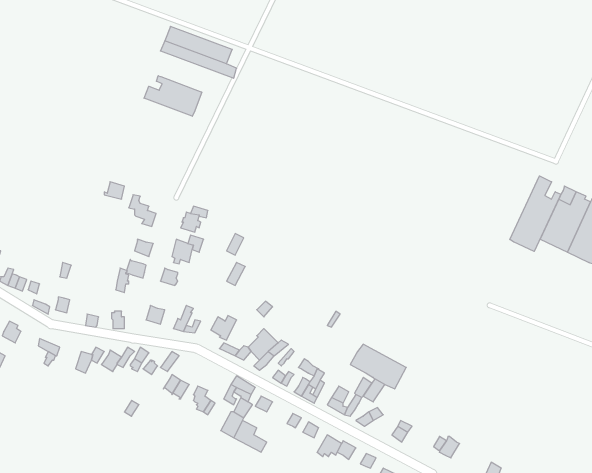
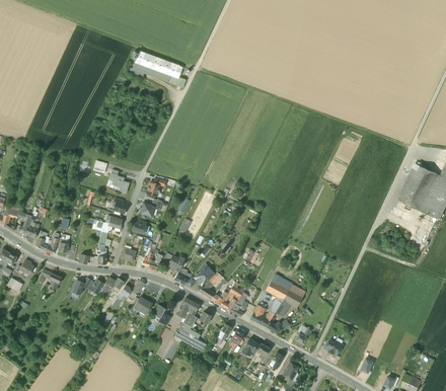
building: [144,76,202,116] -> none
building: [510,176,561,251] -> none

